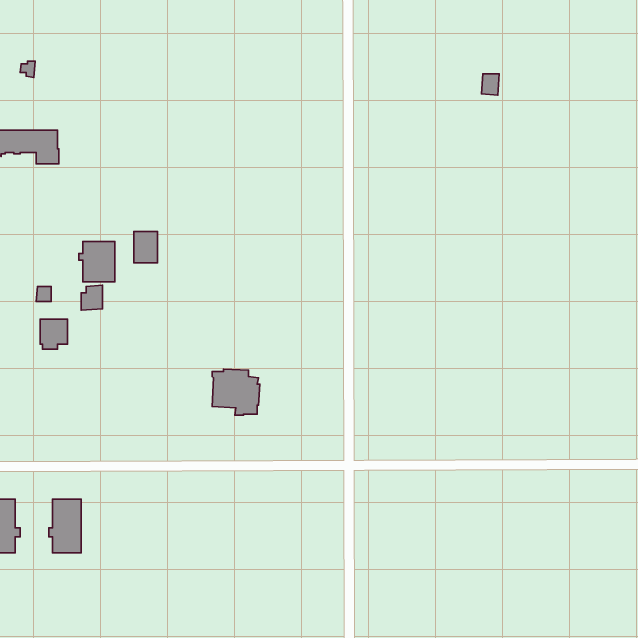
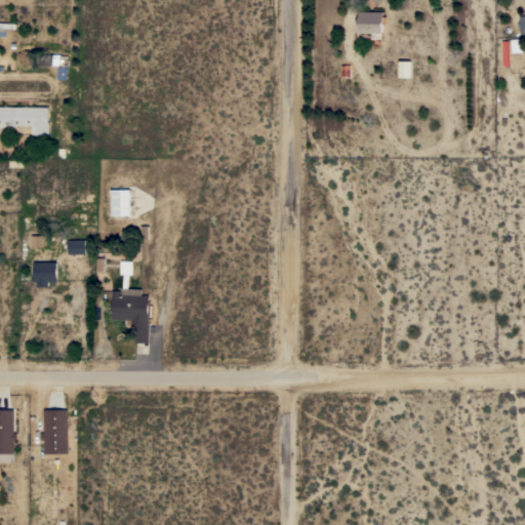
building: none -> [358,12,385,39]
building: [79,241,115,282] -> none
building: [212,369,260,415] -> [111,289,150,327]

